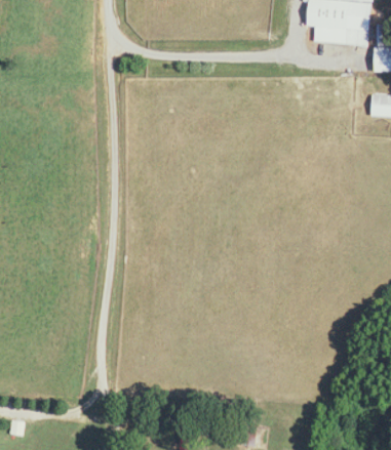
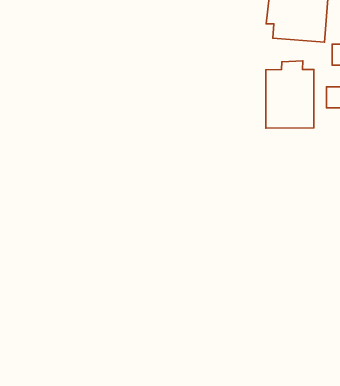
building: none -> [266,61,314,128]

